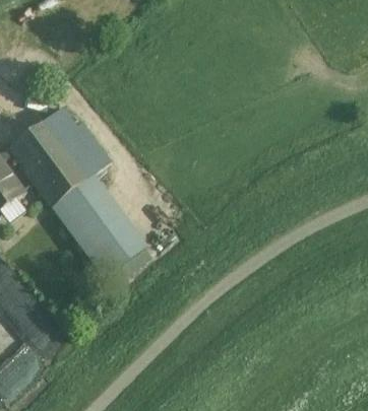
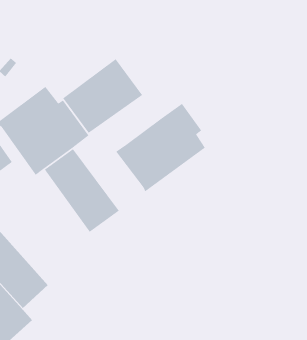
building: none -> [62,58,143,134]
building: none -> [115,103,206,192]

